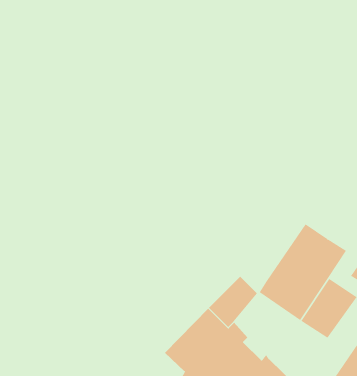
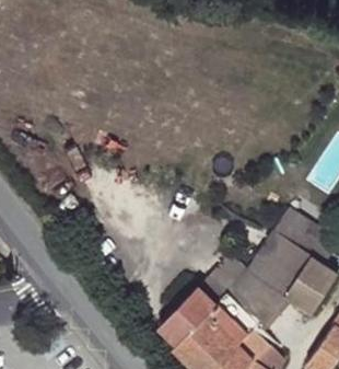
building: none -> [223,270,284,333]

